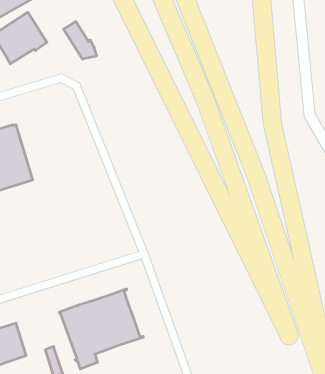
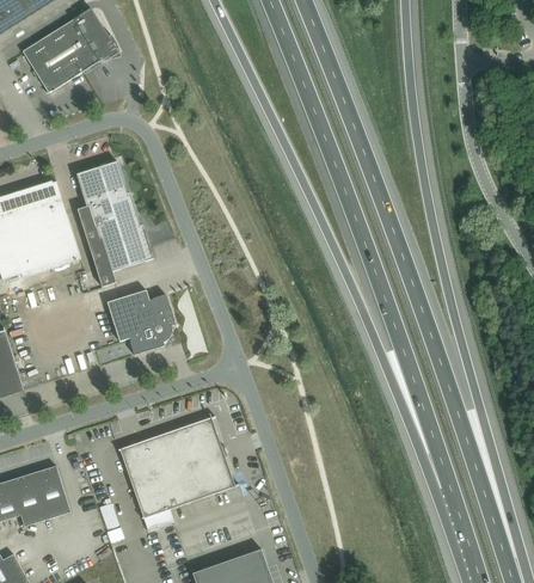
building: [64,22,97,59] -> [72,8,119,62]
building: none -> [75,161,152,287]
building: none -> [105,289,173,355]

